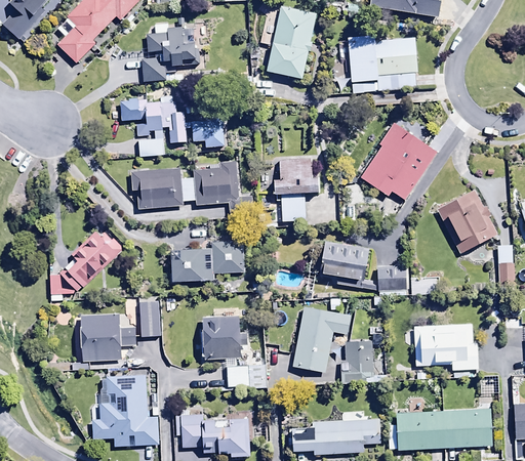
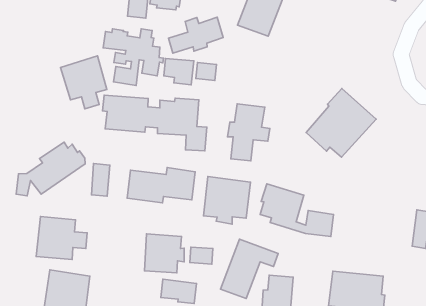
building: [348,34,416,92] -> none
building: none -> [169,17,223,53]
building: none -> [196,62,216,81]
building: none -> [61,56,107,109]
building: [437,191,497,254] -> none
building: none -> [203,176,250,224]
building: [140,300,161,336] -> [91,163,110,196]
building: none -> [190,247,213,264]

